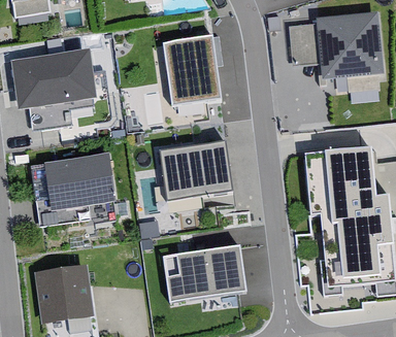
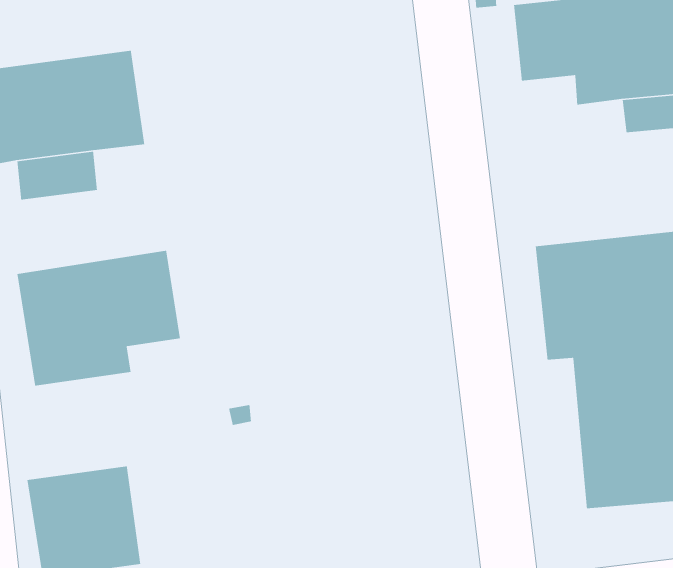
building: [164,36,223,106] -> none
building: [158,140,233,201] -> none
building: [163,245,246,301] -> none

